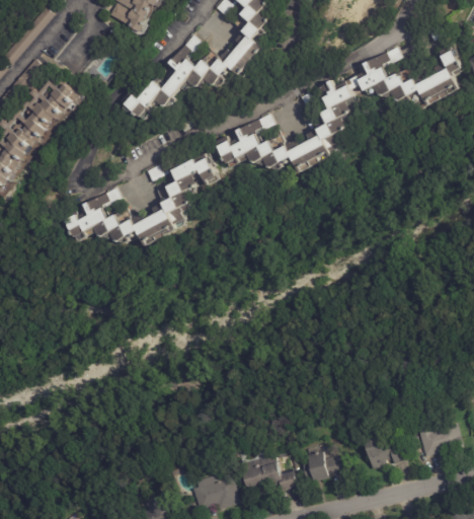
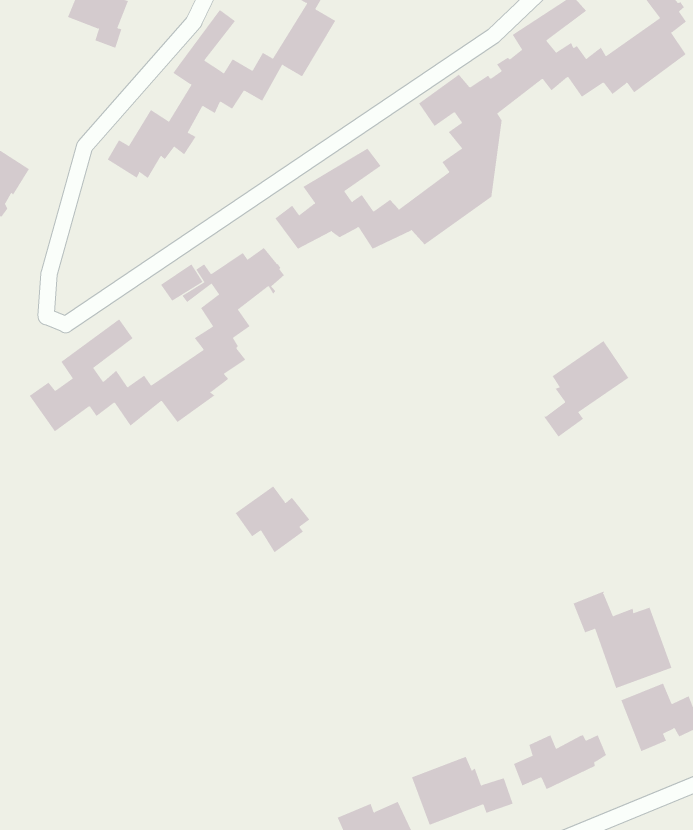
building: none -> [543,340,629,437]
building: none -> [235,485,310,553]
building: none -> [573,591,672,689]

